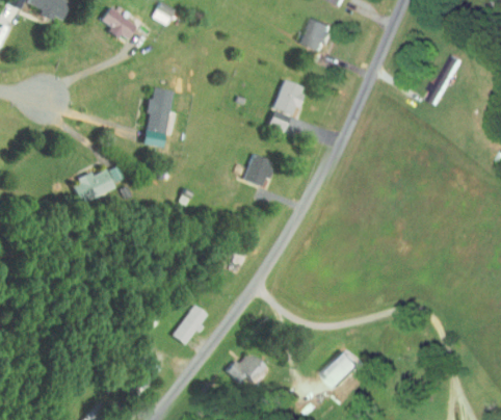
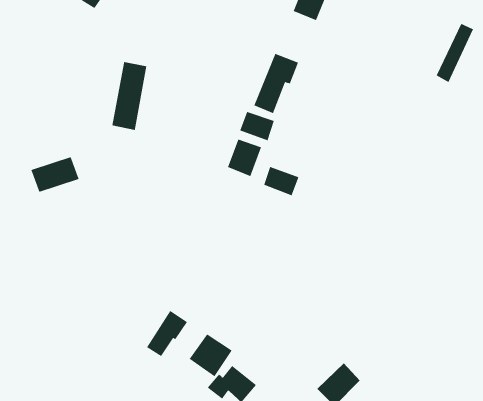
building: none -> [240,111,274,141]
building: none -> [263,166,299,196]
building: none -> [189,333,233,377]

